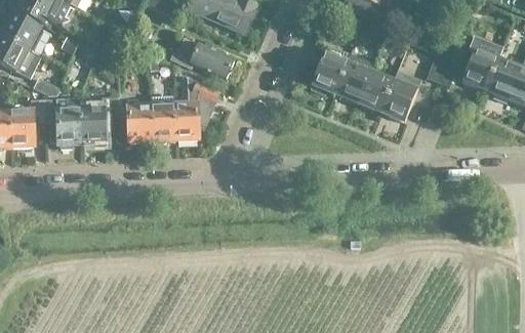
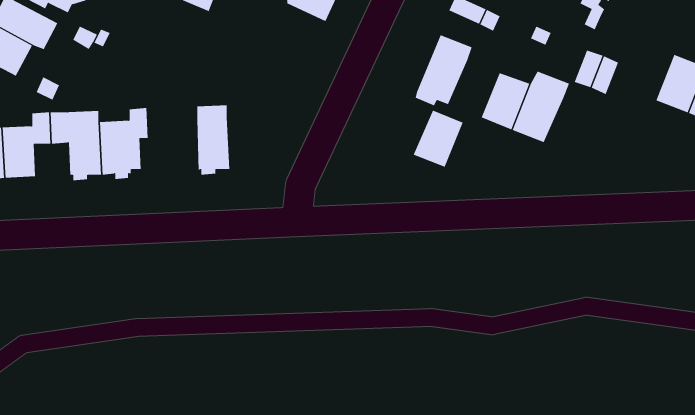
building: [171,39,234,78] -> none
building: [461,42,502,90] -> none
building: [334,60,371,102] -> [413,110,463,168]
building: [173,75,219,140] -> none
building: [115,95,152,142] -> none

